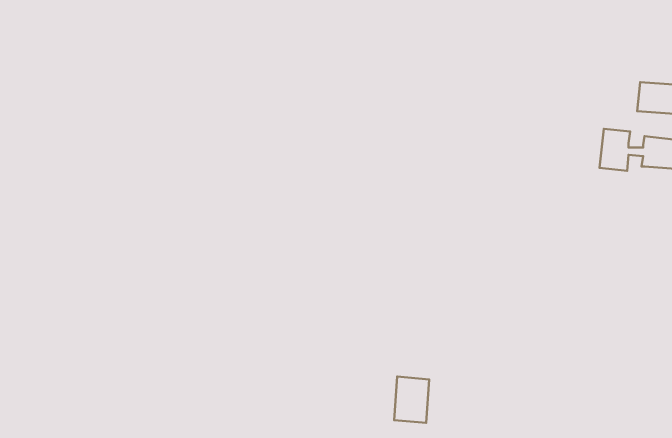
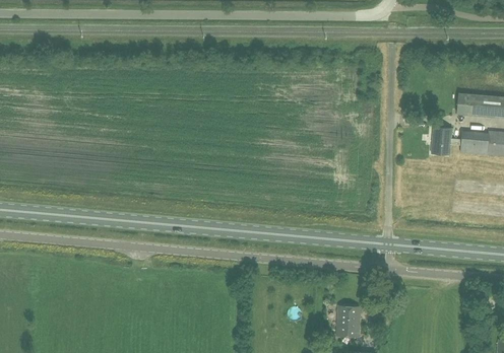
building: [394,376,429,423] -> [336,304,361,337]

